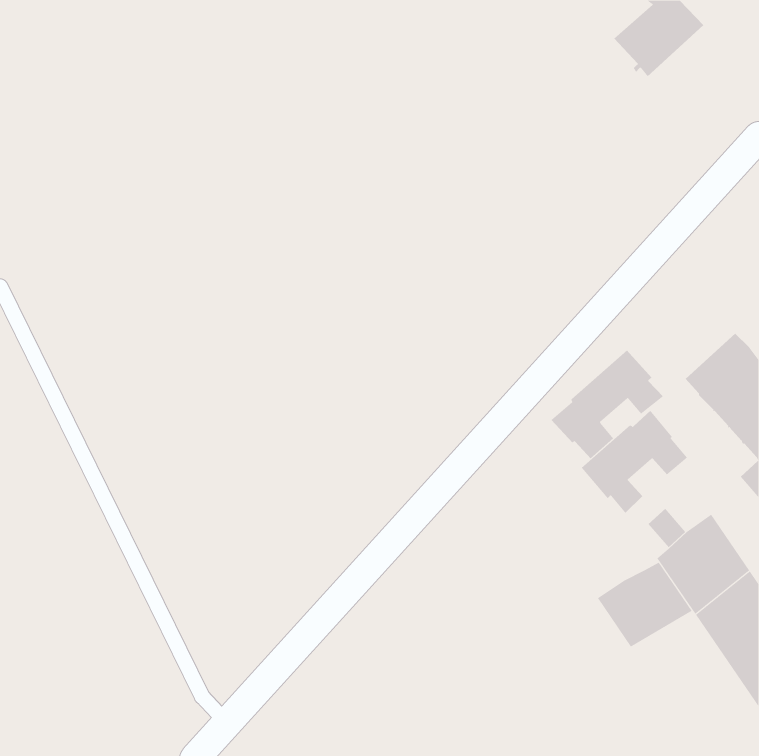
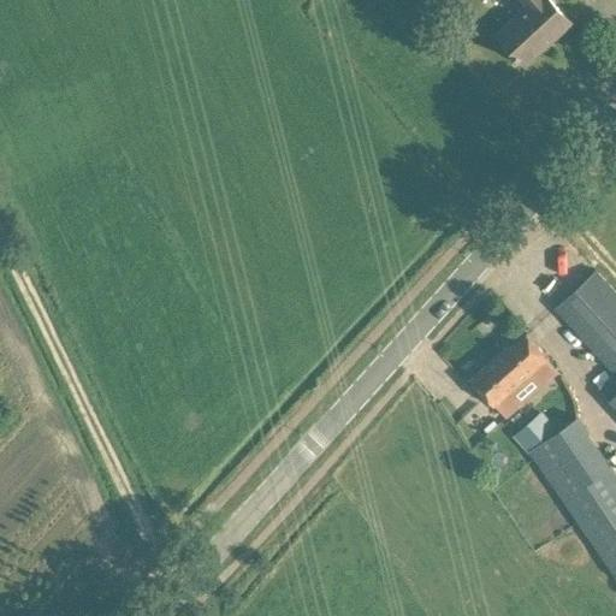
building: [550,349,664,459] -> none
building: [597,562,693,647] -> none

